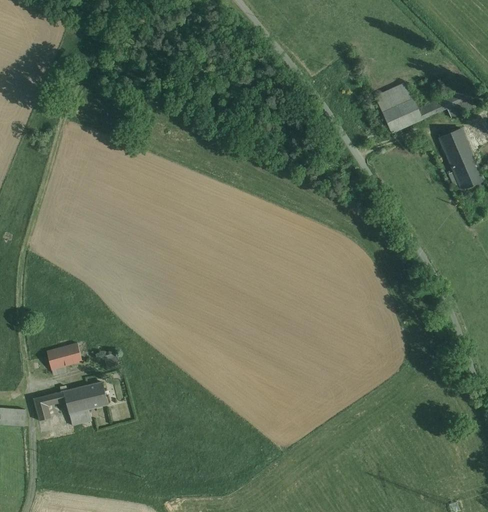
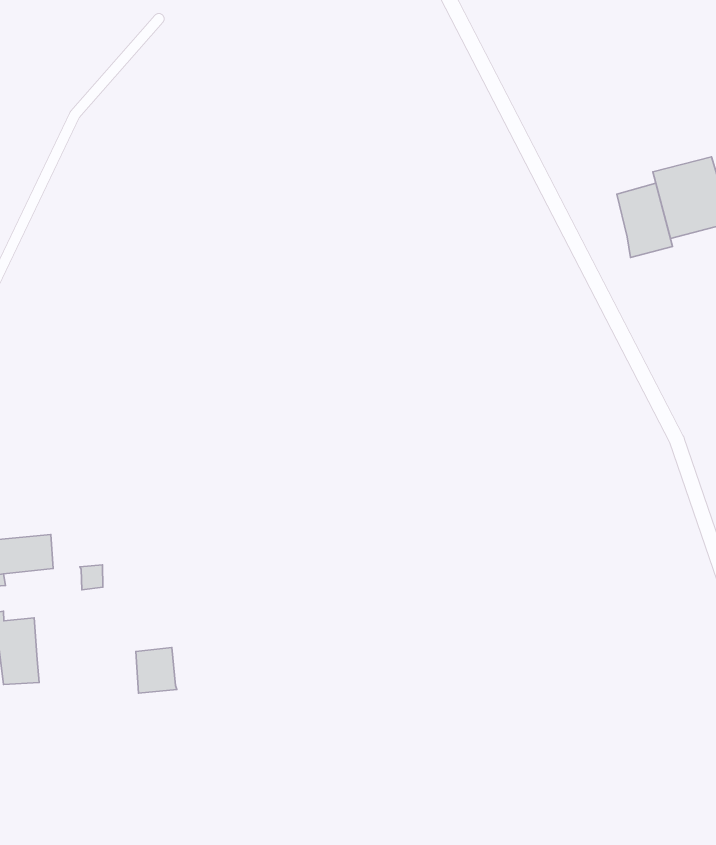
building: none -> [617,183,672,257]
building: [83,381,108,408] -> [136,648,177,693]

